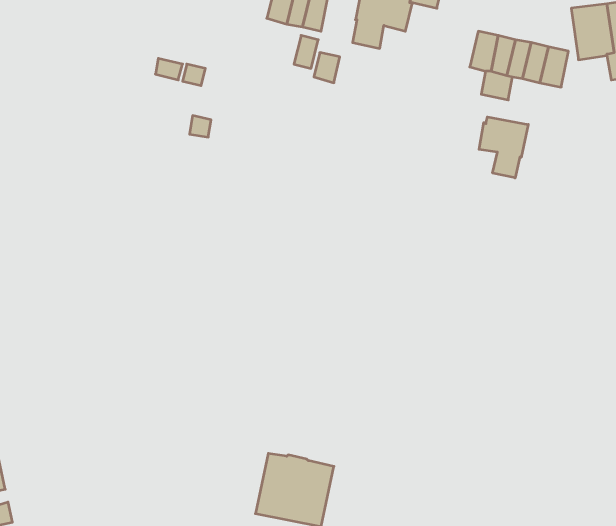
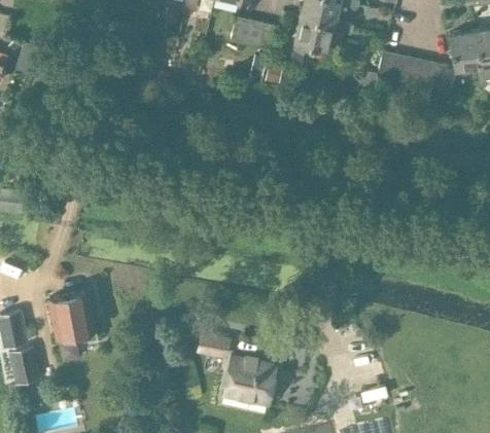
building: [479,117,528,178] -> none
building: none -> [49,291,96,341]
building: none -> [197,331,231,358]

